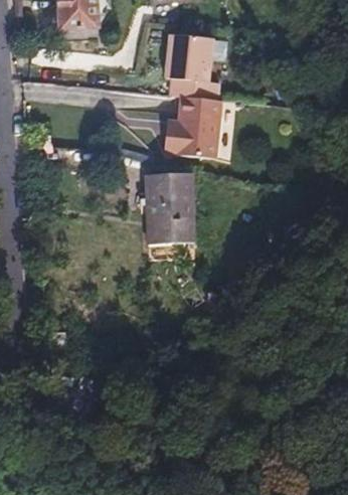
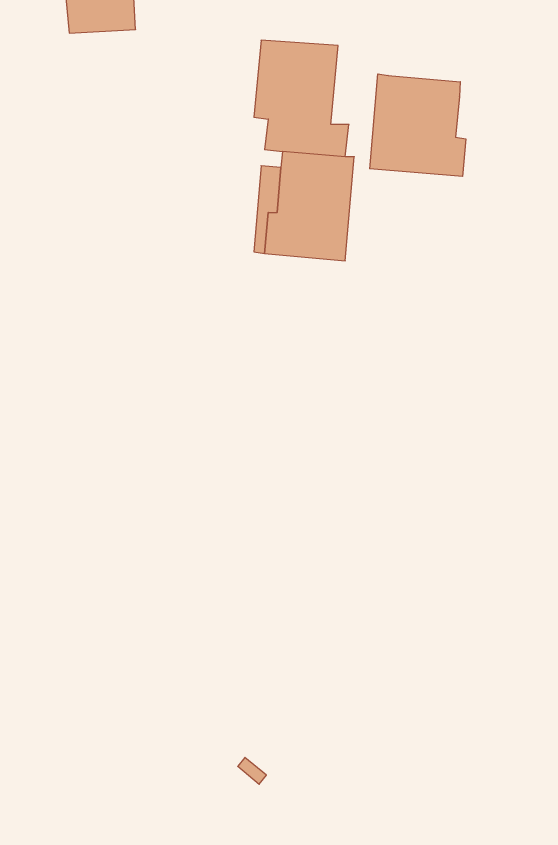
building: none -> [370,74,466,176]
building: [146,173,198,245] -> none

